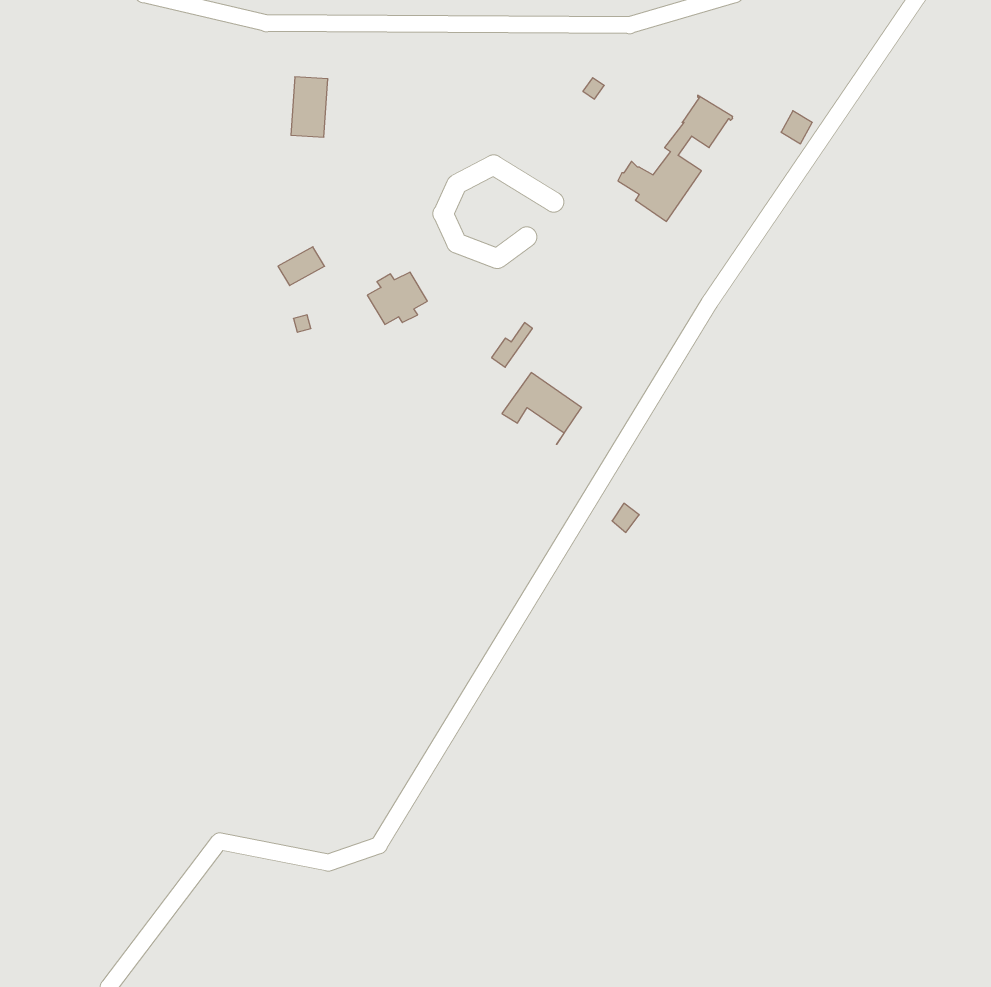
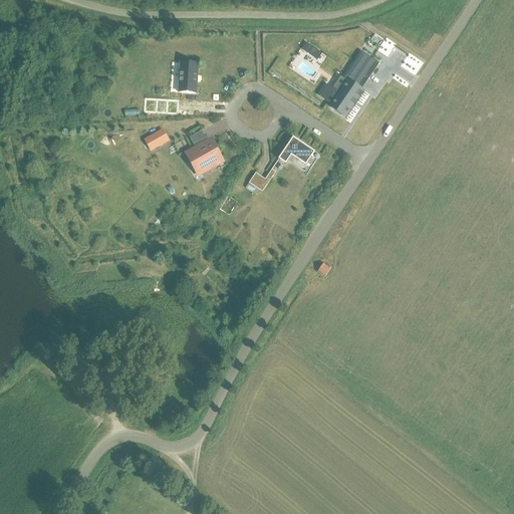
building: [291,77,328,137] -> [178,60,197,91]
building: [502,373,582,444] -> [277,136,318,173]

